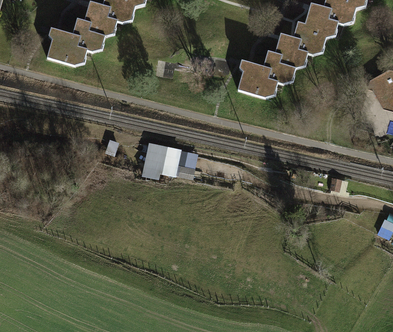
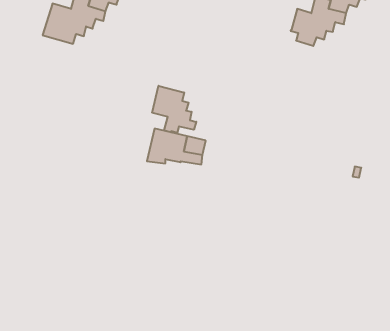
building: [237,50,295,97] -> none
building: none -> [152,86,196,133]

